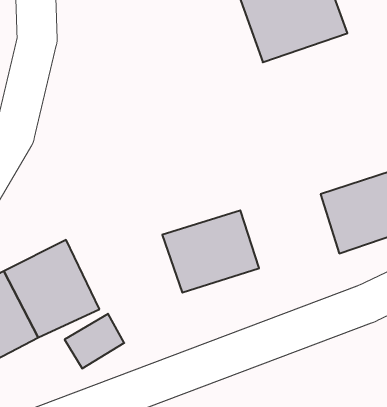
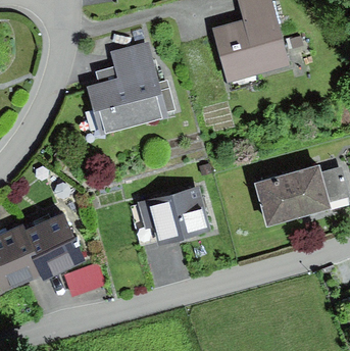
building: none -> [86,41,167,134]

